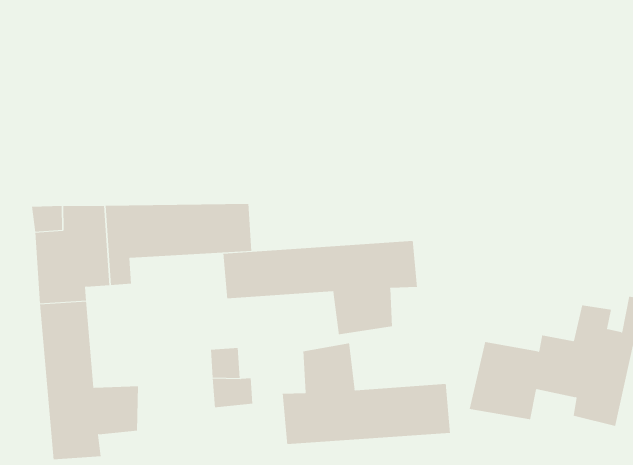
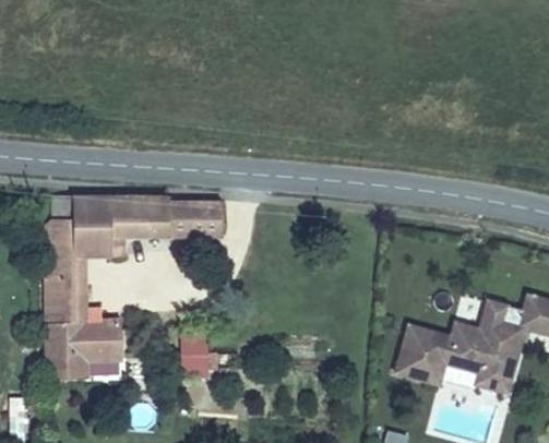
building: [223,240,417,335] -> none
building: [282,343,451,445] -> none

